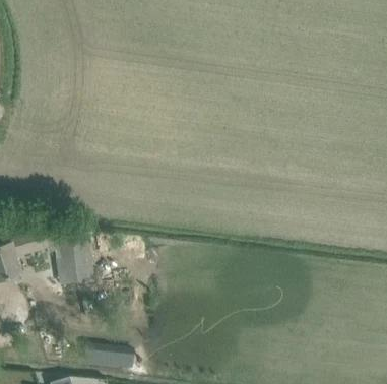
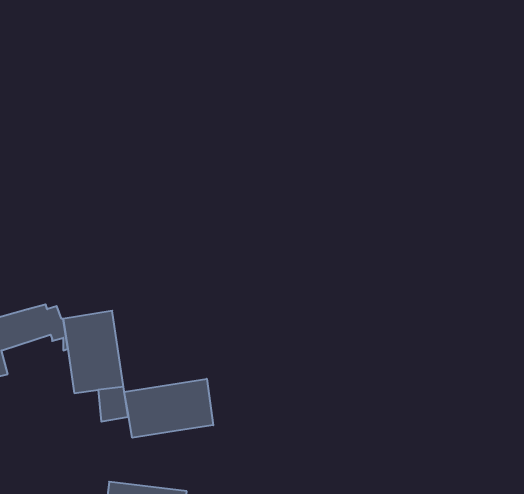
building: none -> [124,379,213,438]

